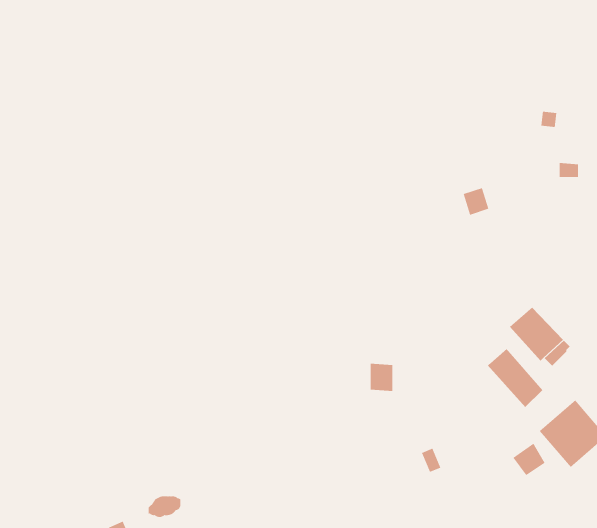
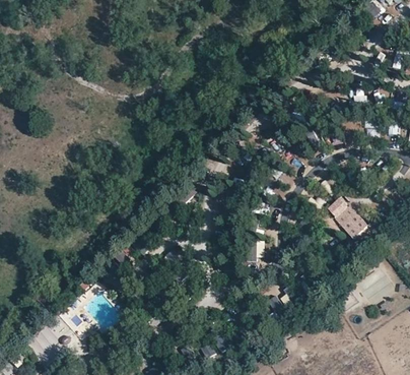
building: [487,348,543,408] -> none

